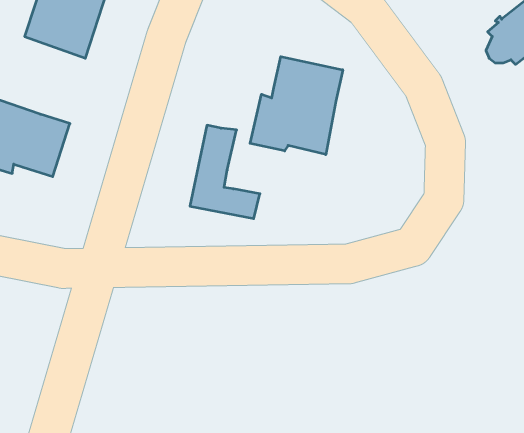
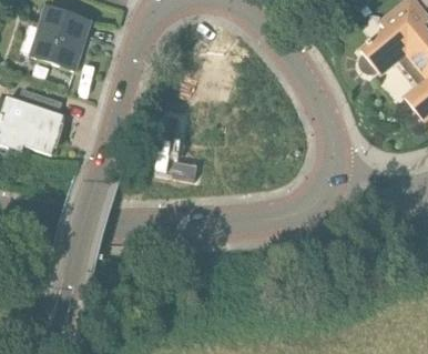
building: [250,57,343,155] -> none

